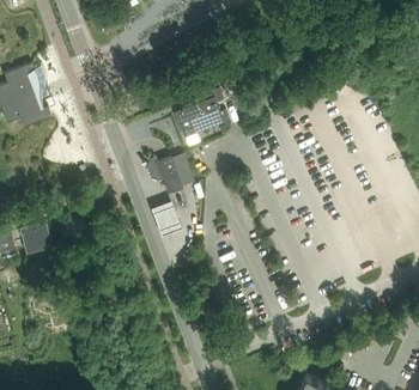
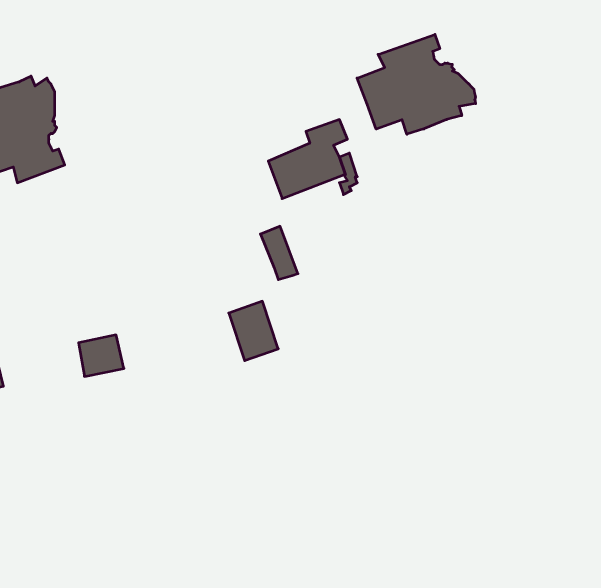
building: none -> [357,34,476,134]
building: [147,157,183,194] -> none
building: [22,224,54,255] -> none

